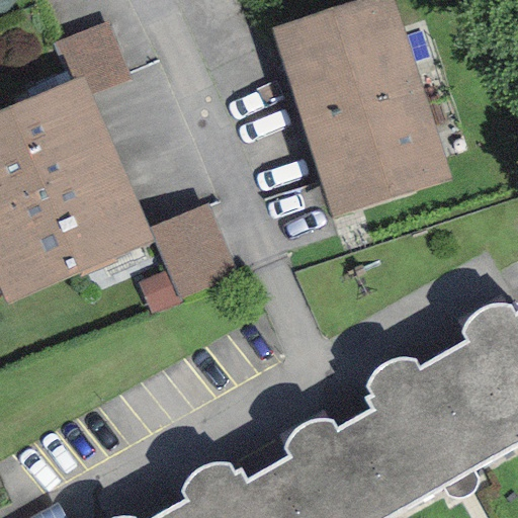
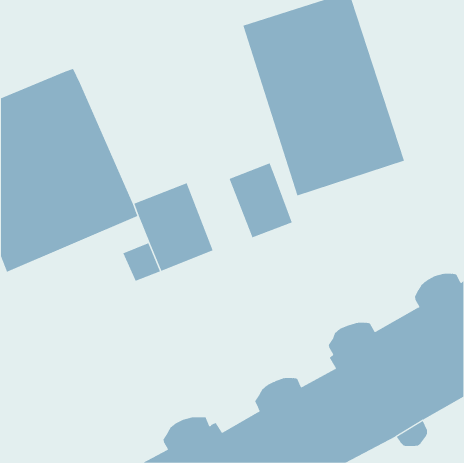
building: [56,21,128,93] -> none
building: none -> [229,162,293,238]

